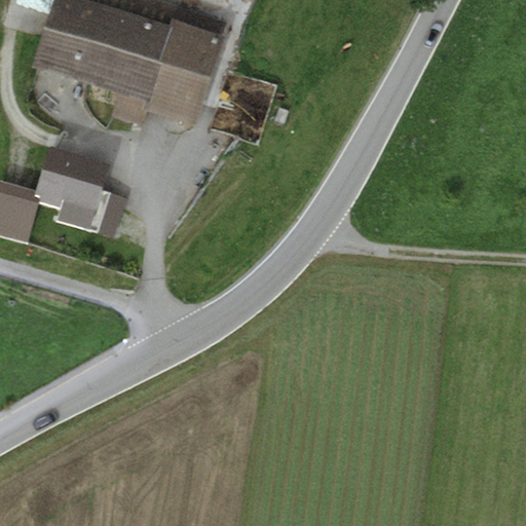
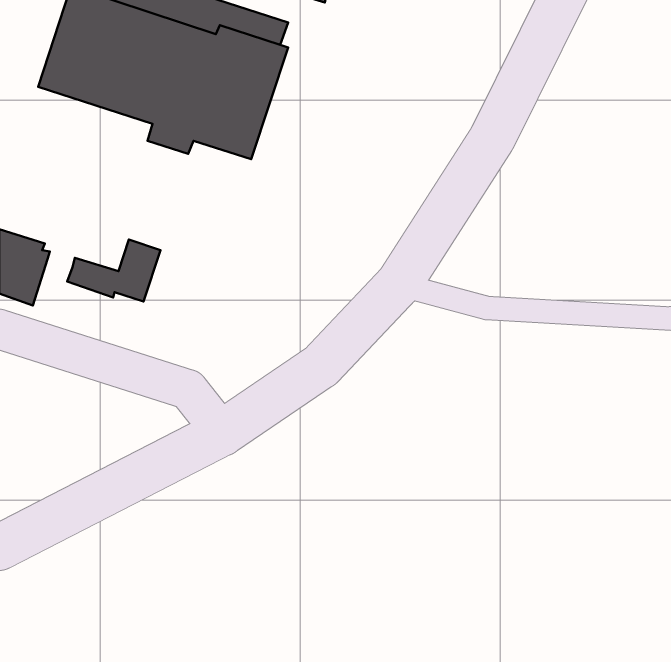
building: [33,147,107,212] -> none

